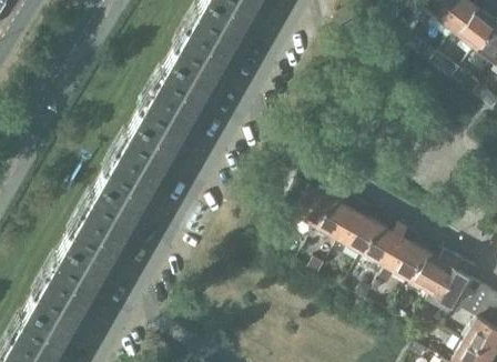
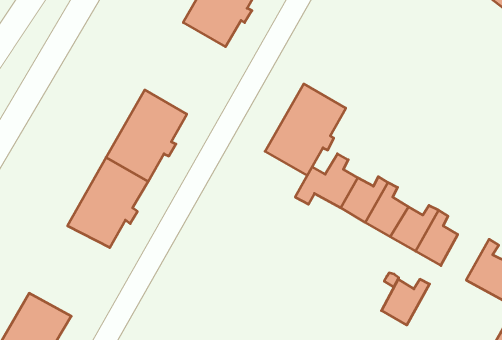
building: [142,59,216,143] -> [265,84,346,175]
building: [36,247,110,330] -> none
building: [415,254,459,296] -> [381,279,430,325]

